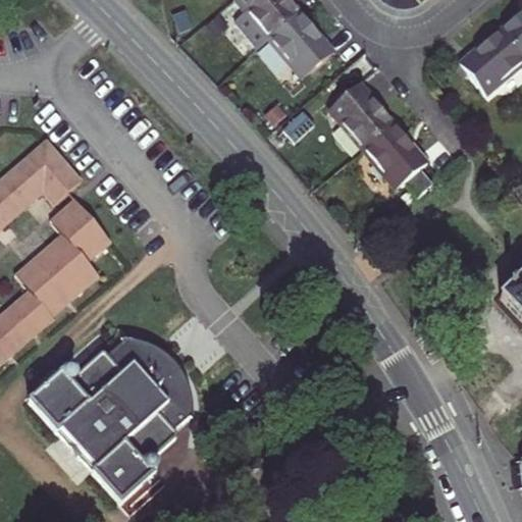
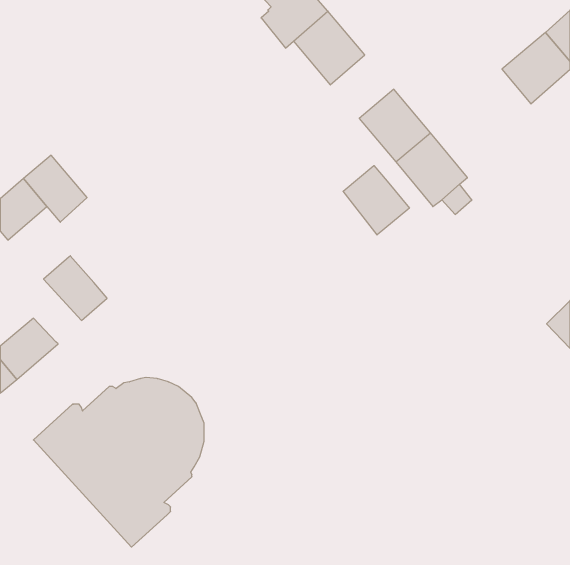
building: none -> [343,166,409,235]
building: [51,200,109,258] -> none
building: [16,255,74,312] -> none

